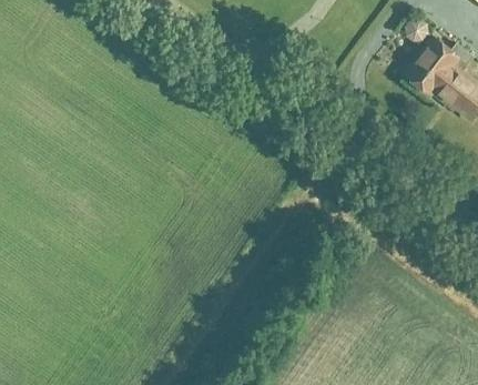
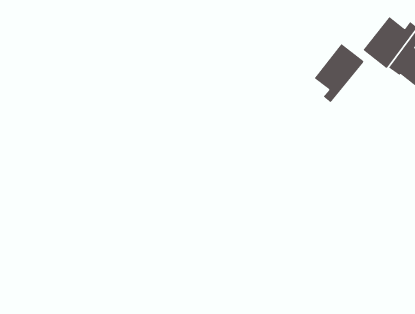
building: none -> [314,43,364,103]

